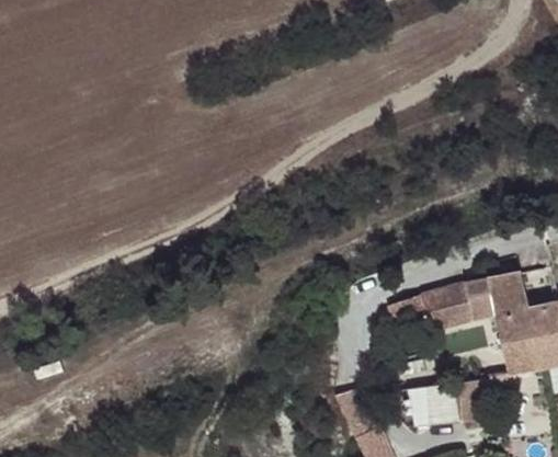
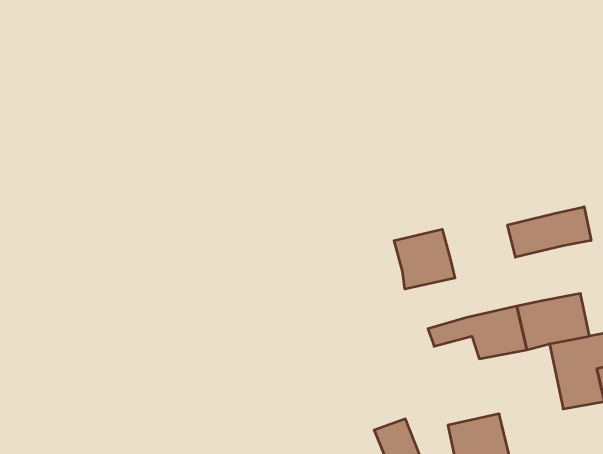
building: none -> [508,207,591,257]
building: none -> [394,229,455,289]

